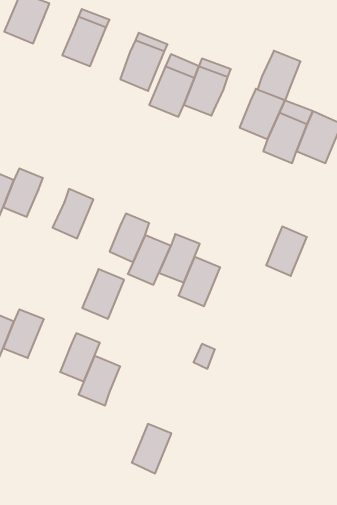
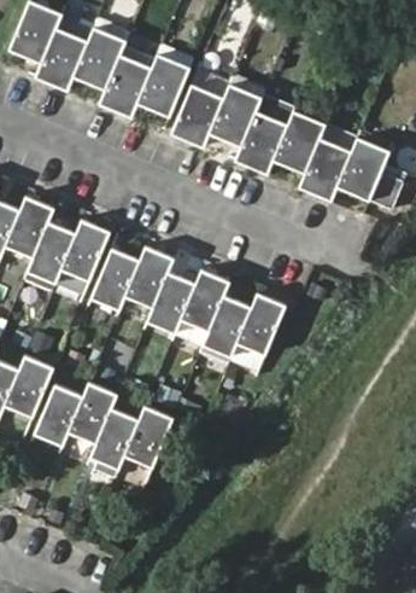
building: none -> [36,34,87,91]
building: none -> [100,59,151,116]
building: [258,51,301,100] -> [238,115,286,170]
building: none -> [29,227,77,283]
building: [266,226,307,276] -> [240,300,286,355]
building: [82,269,124,319] -> [93,255,140,310]
building: none -> [37,389,84,444]
building: [132,424,171,473] -> [128,411,172,466]

